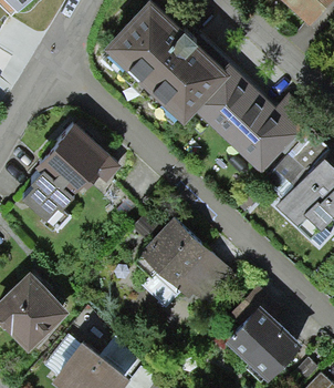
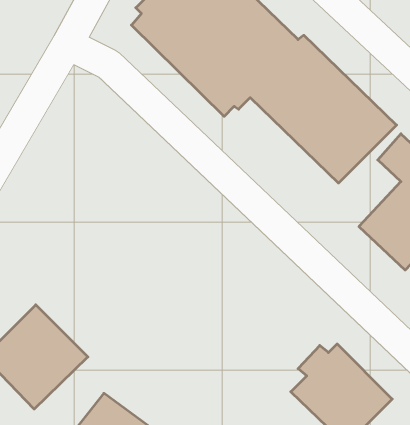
building: [22,120,119,228] -> none
building: [132,217,236,312] -> none

